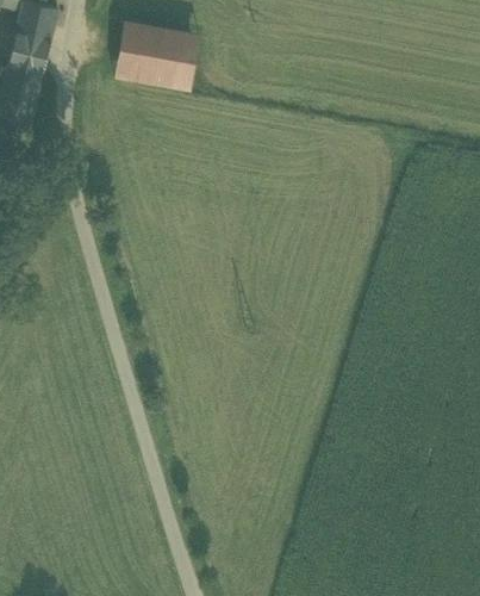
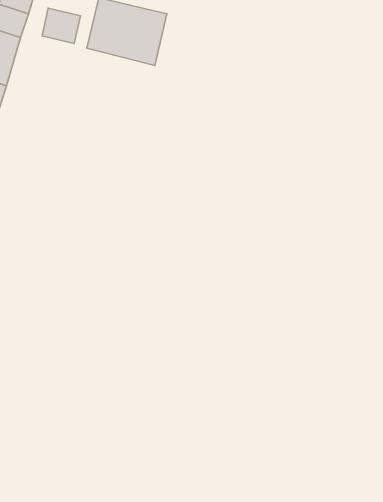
building: none -> [42,8,80,44]

